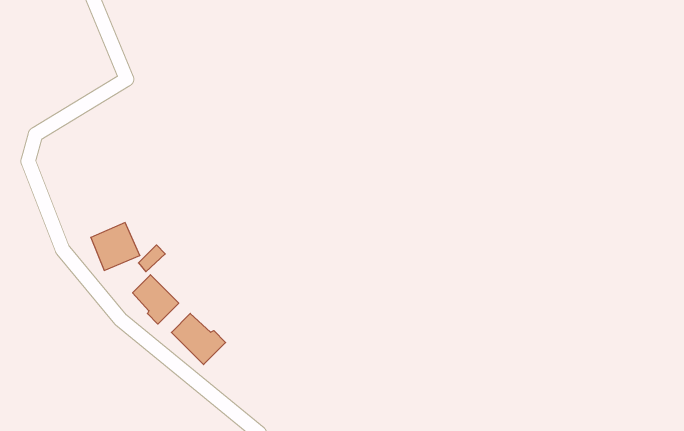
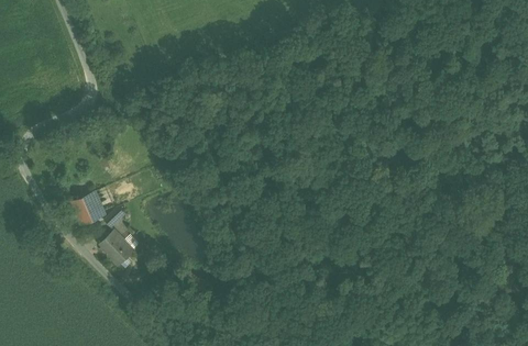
building: [171,313,226,365] -> none

